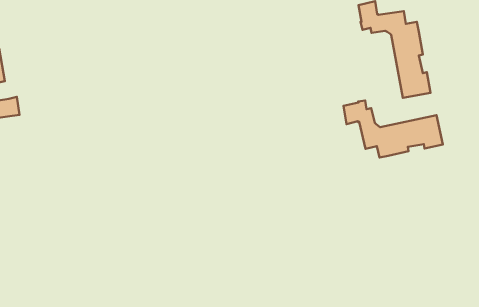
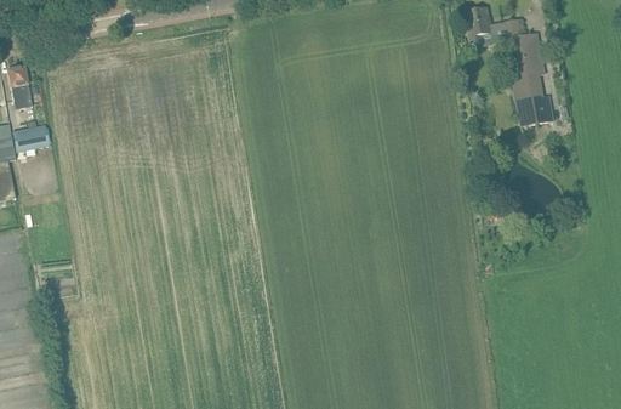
building: [344,100,443,158] -> none

